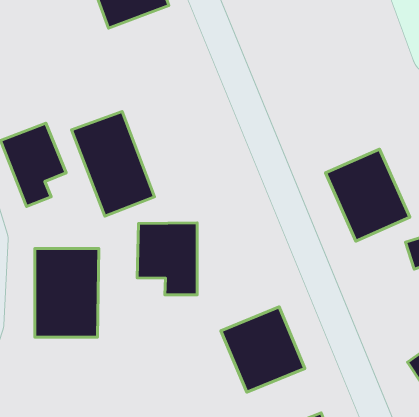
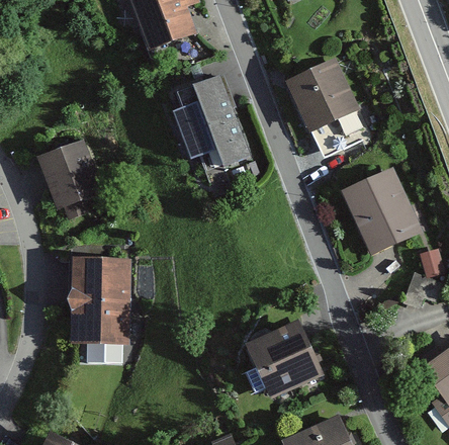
building: none -> [283,59,372,165]
building: [71,111,155,216] -> [171,74,249,172]
building: [137,223,197,295] -> none

